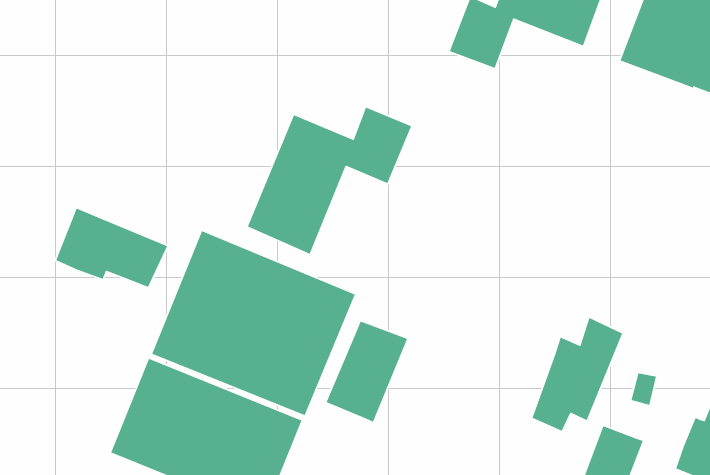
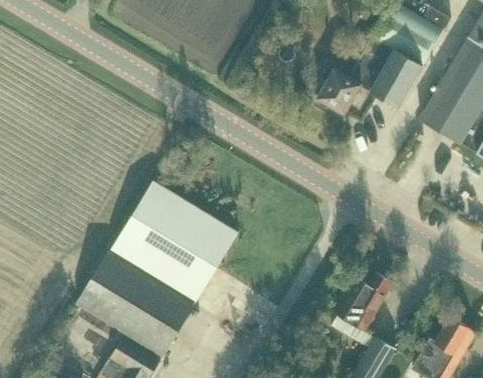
building: [247,107,412,255] -> none
building: [55,208,168,288] -> none
building: [325,320,408,423] -> none

